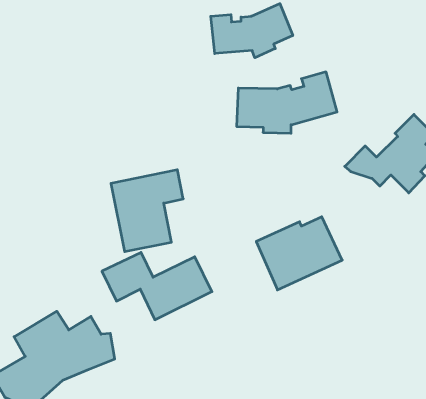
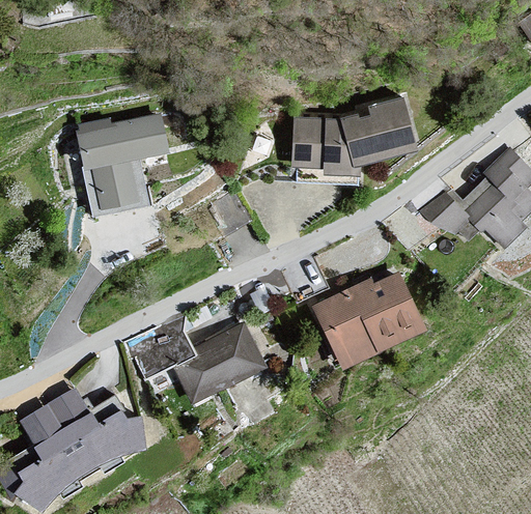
building: [211,4,293,58] -> none
building: [111,170,183,252] -> [78,114,166,213]

